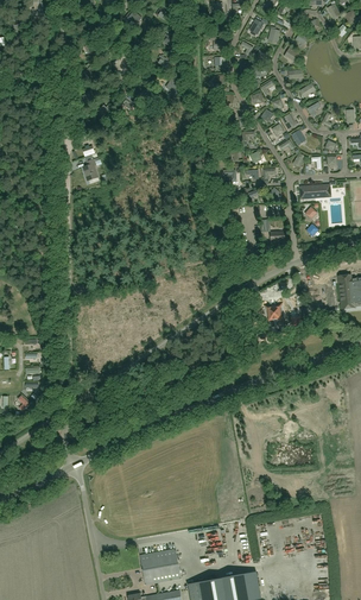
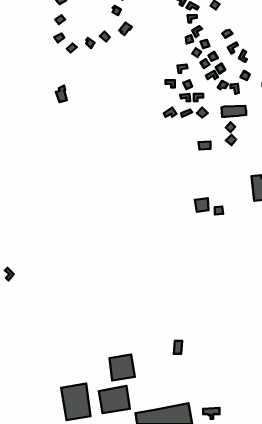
building: none -> [109,354,135,381]
building: none -> [61,384,91,420]

